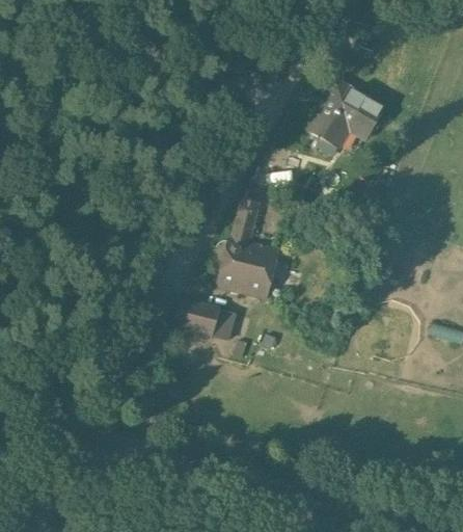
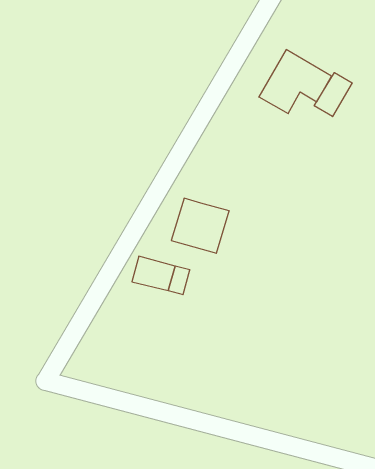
building: none -> [314,73,352,117]
building: [229,203,258,244] -> none

